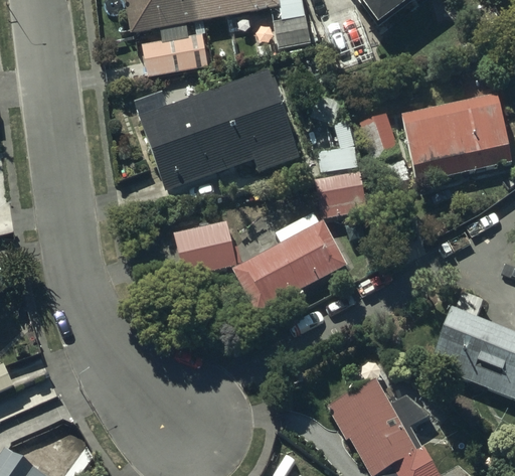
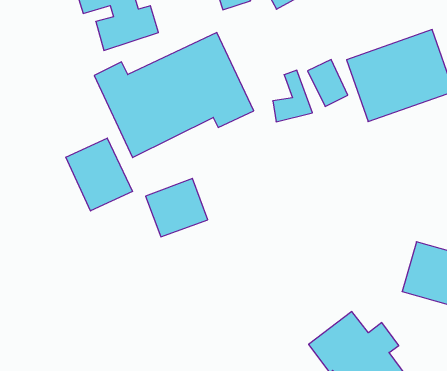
building: none -> [66,138,133,211]
building: [315,171,366,216] -> none
building: [232,211,346,313] -> none

